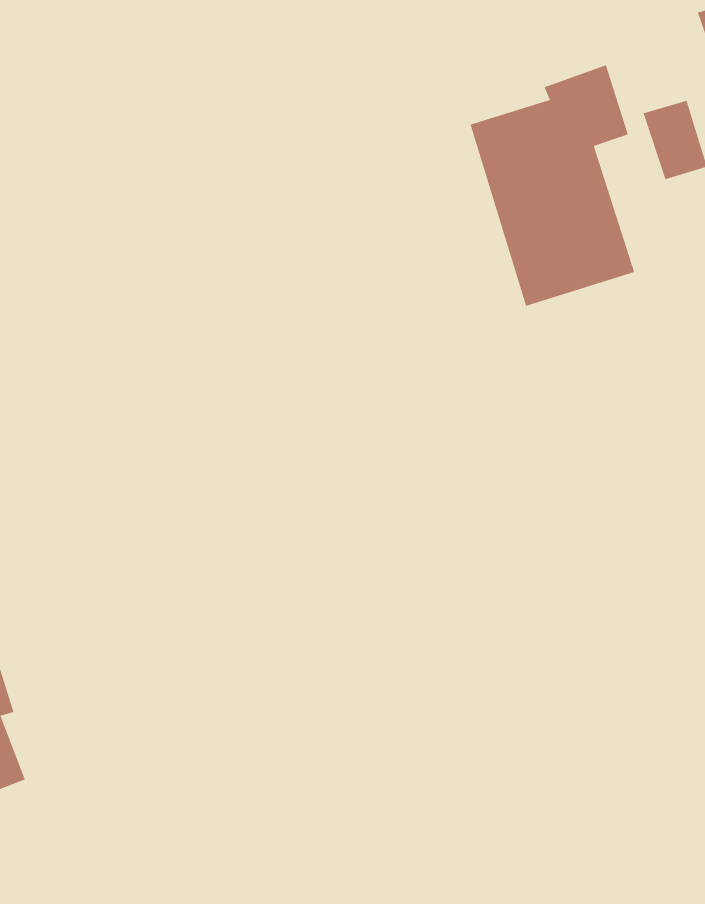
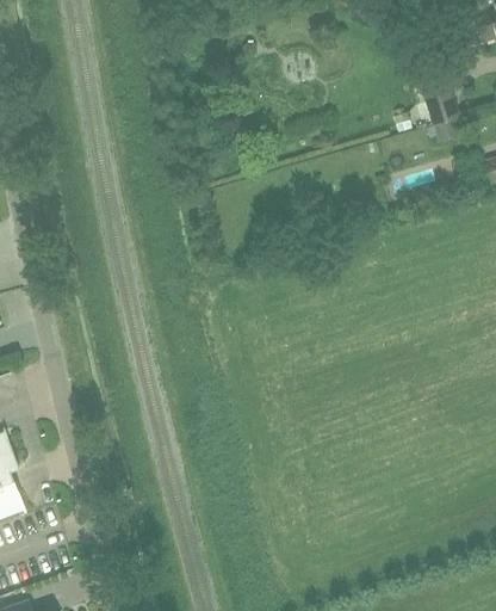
building: [470,64,635,307] -> none

